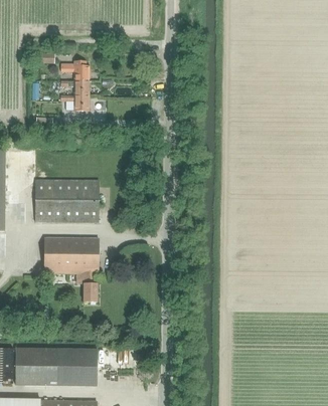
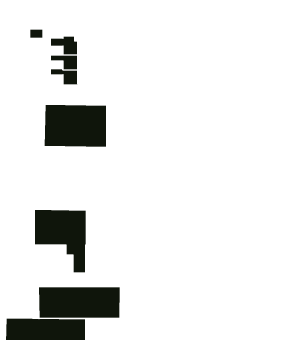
building: [34,178,99,221] -> [44,105,107,147]
building: none -> [38,287,120,319]

